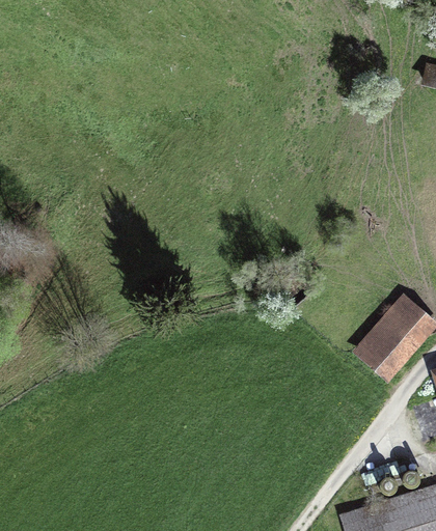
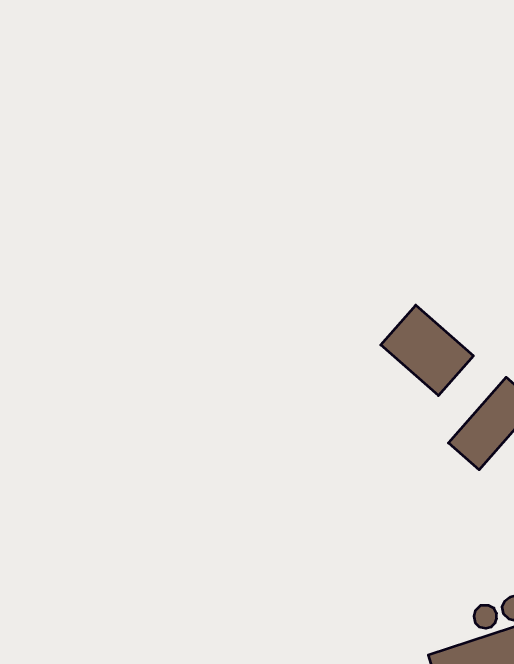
building: none -> [381,305,473,396]

